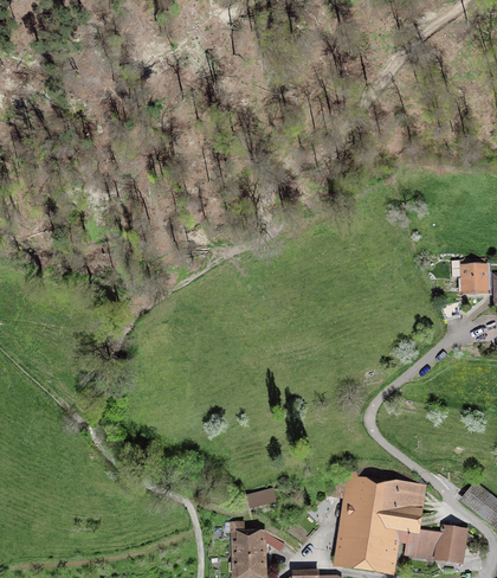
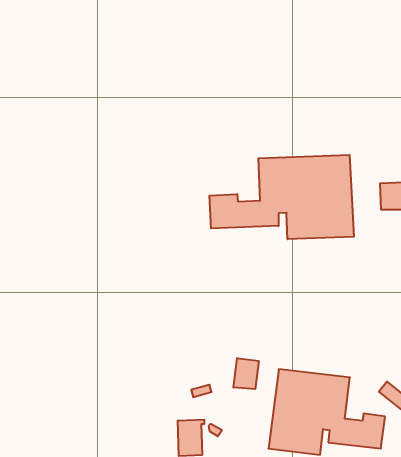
building: none -> [210,155,354,239]
building: none -> [233,358,259,389]

